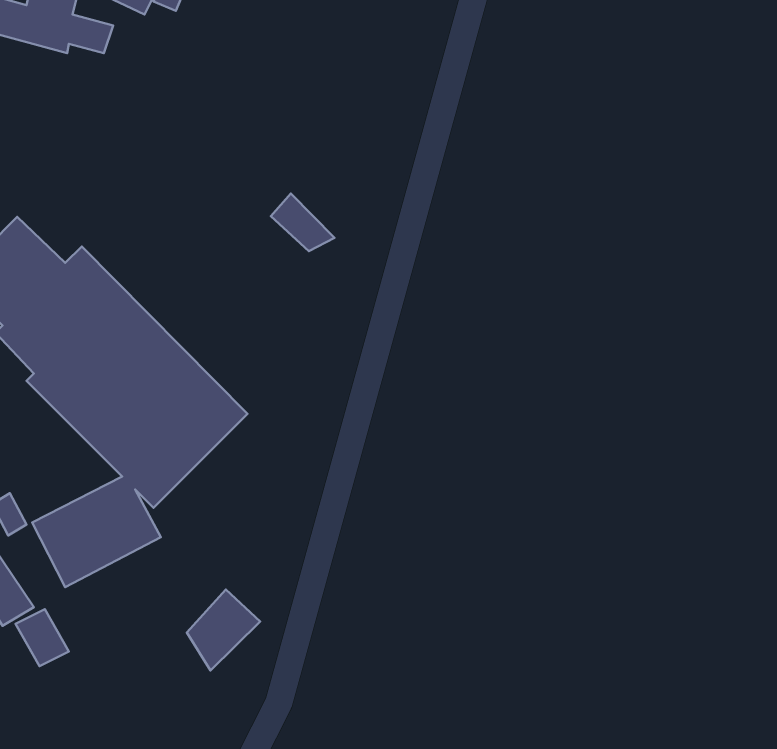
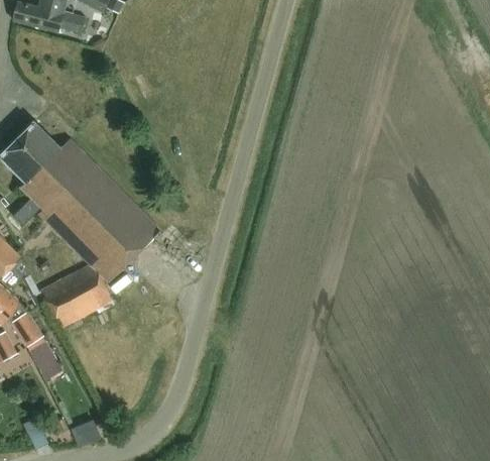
building: [271,194,335,251] -> none
building: [187,589,260,670] -> none

